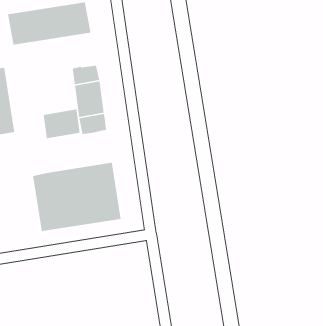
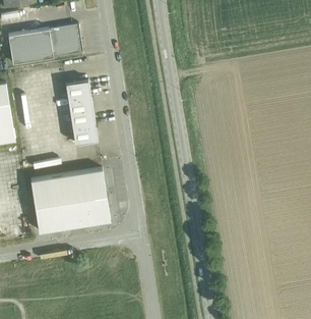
building: [43,109,81,139] -> none

